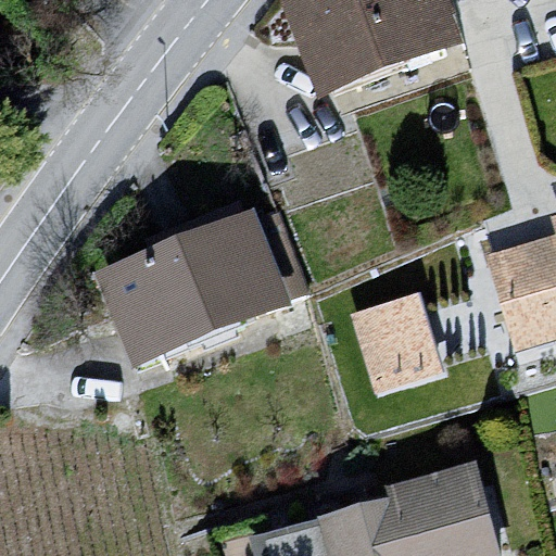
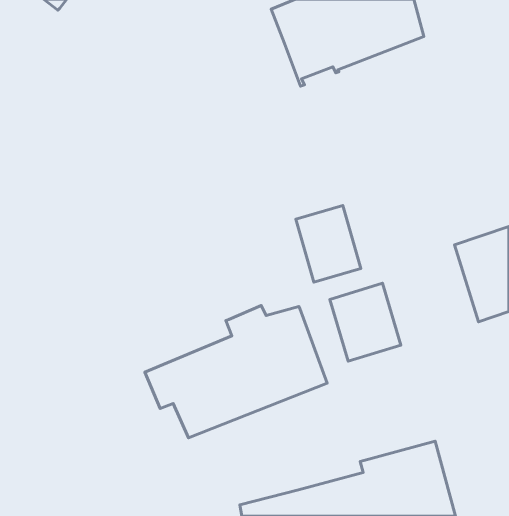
building: [105,213,301,355] -> [145,305,327,438]
building: none -> [296,205,361,282]

